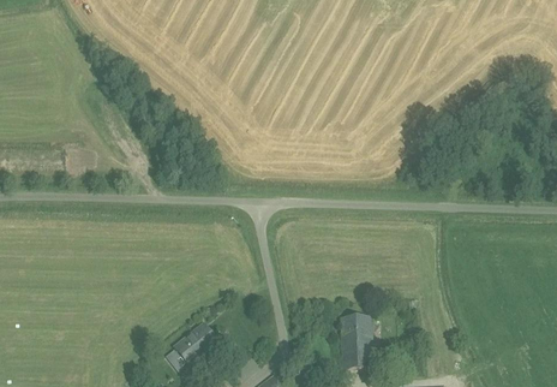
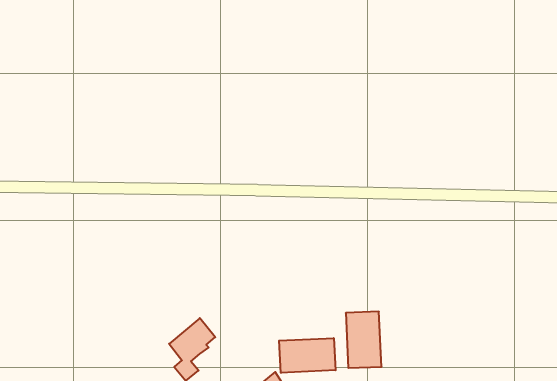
building: none -> [279,338,336,373]

